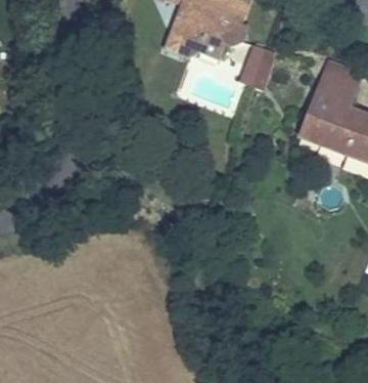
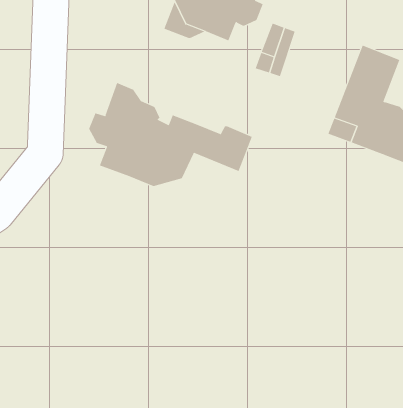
building: none -> [88,82,253,187]

